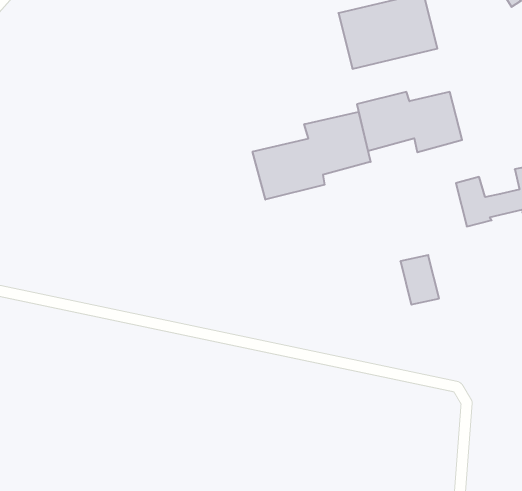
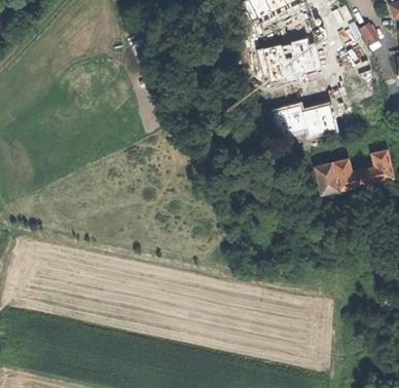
building: [253,112,371,200] -> none
building: [400,255,439,305] -> [315,161,340,194]

